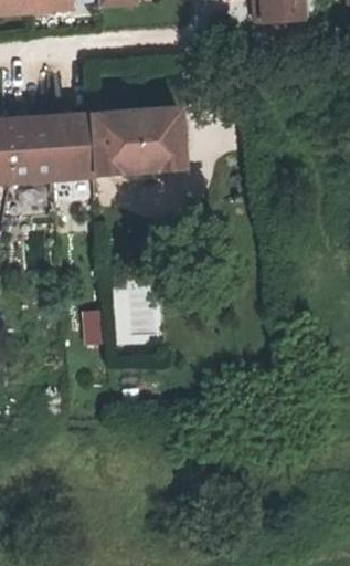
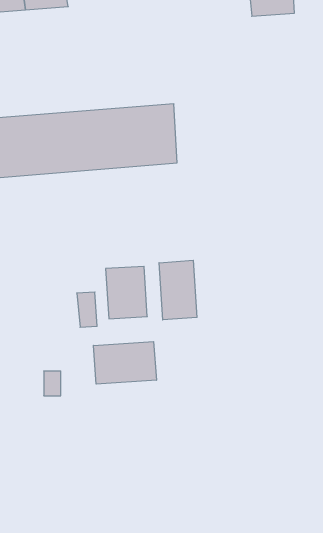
building: none -> [159,260,197,320]
building: none -> [93,342,156,384]

